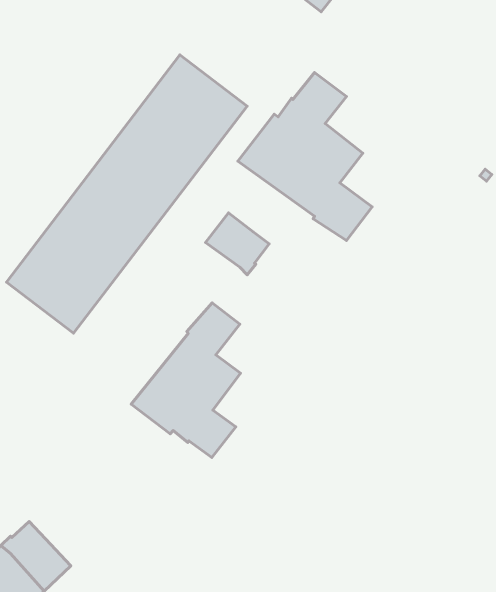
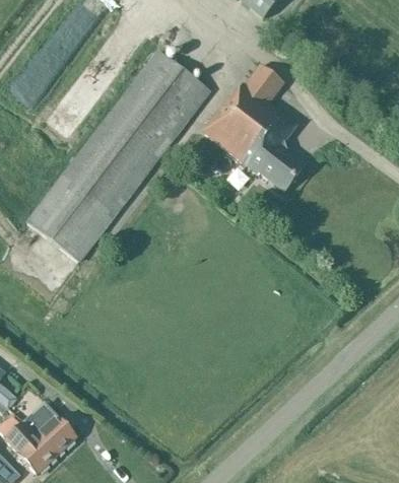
building: [205,213,269,275] -> none
building: [131,303,240,458] -> none

